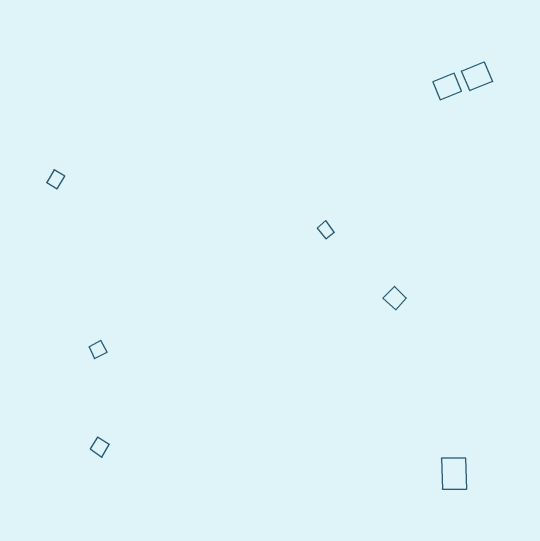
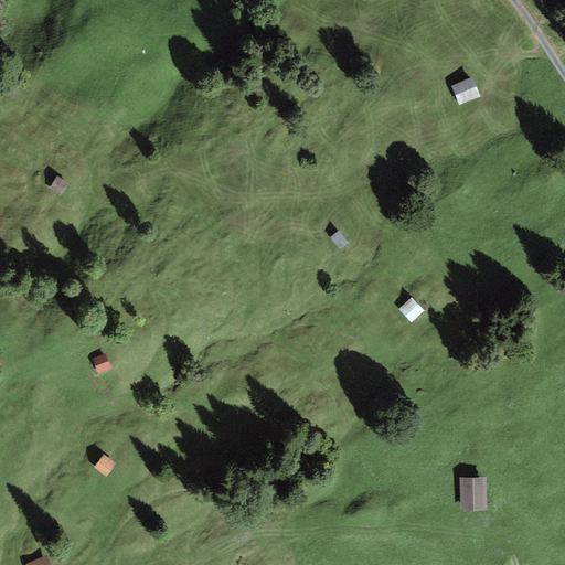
building: [461,62,493,91] -> none

